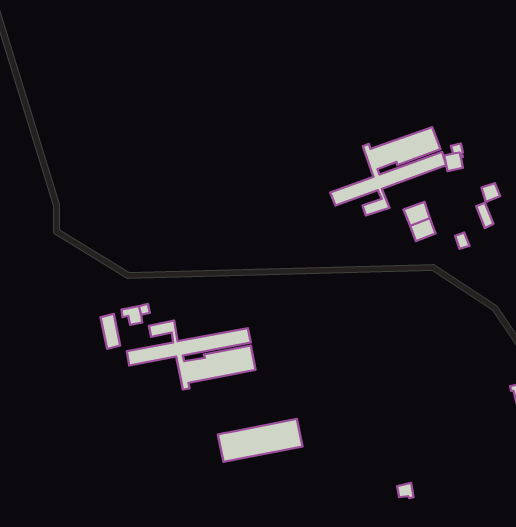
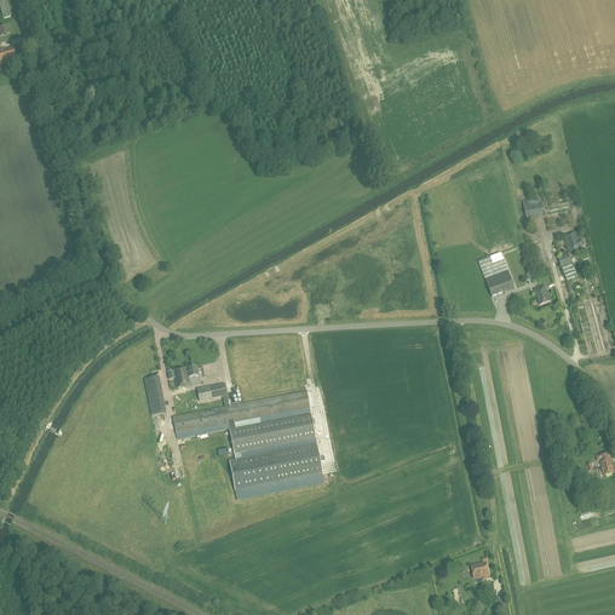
building: [330,127,446,216] -> none
building: [218,419,302,462] -> [229,443,322,490]

